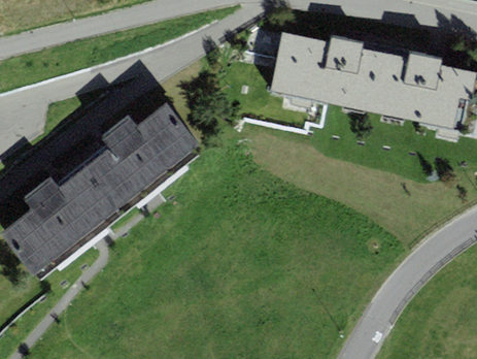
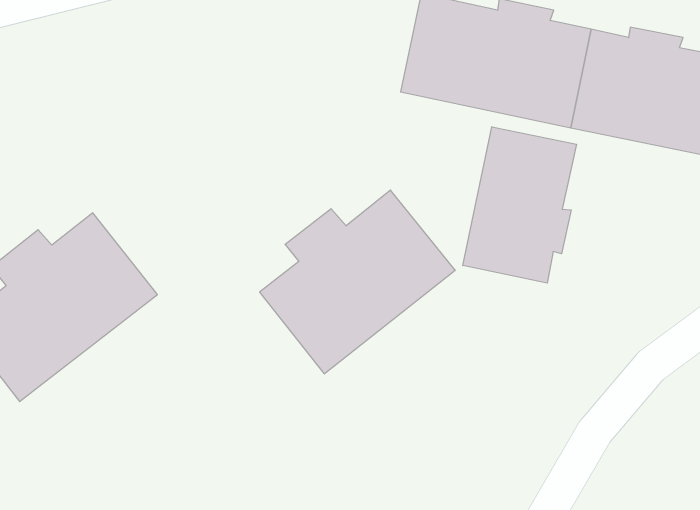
building: [83,102,202,214] -> [260,190,455,374]
building: none -> [463,127,576,283]

